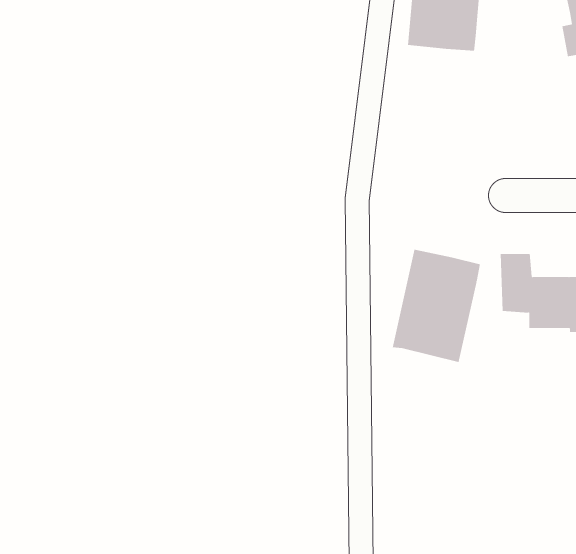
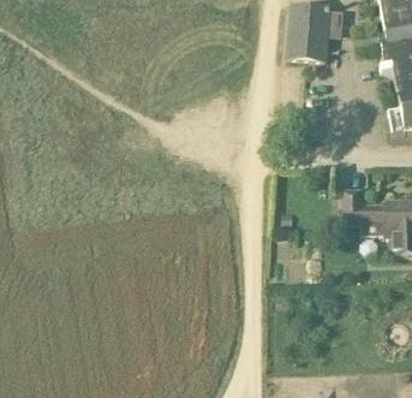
building: [392,249,480,363] -> none

